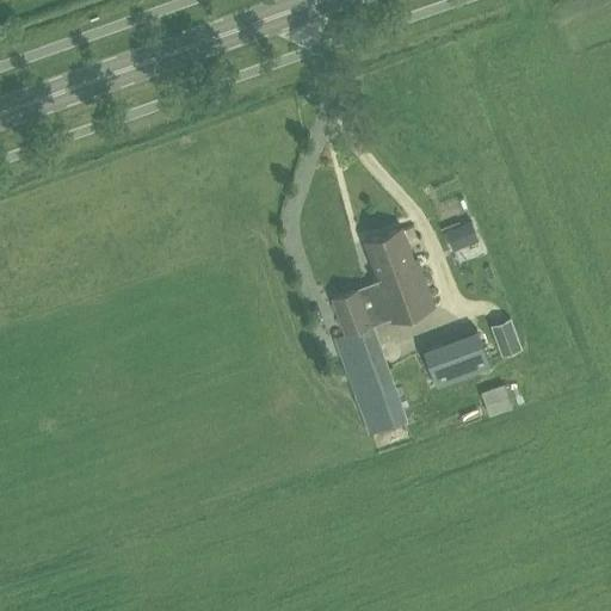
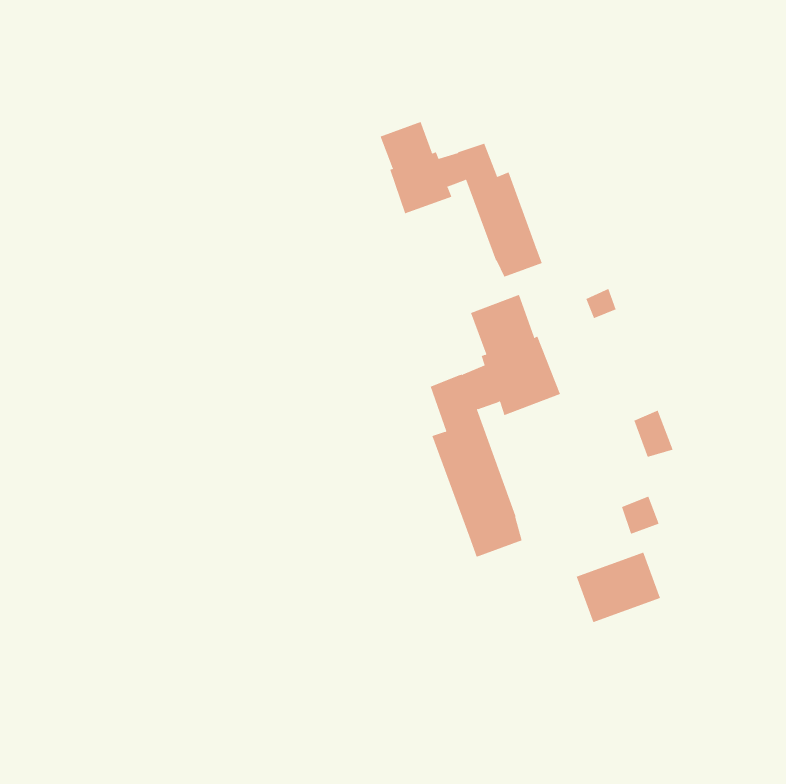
building: none -> [380,121,542,278]
building: [424,333,489,388] -> [576,552,661,623]

